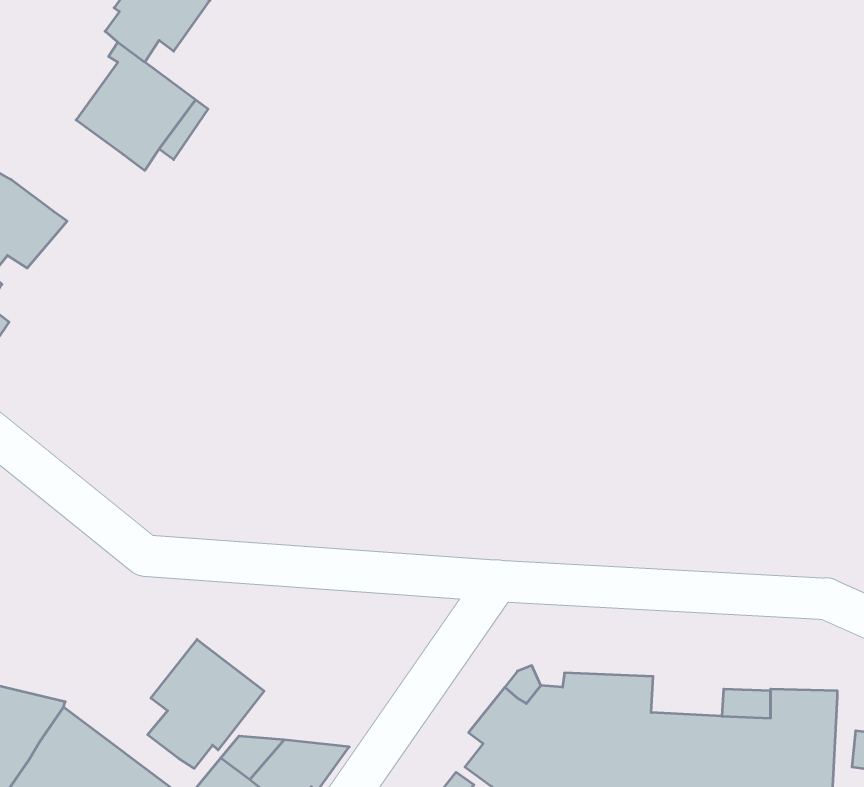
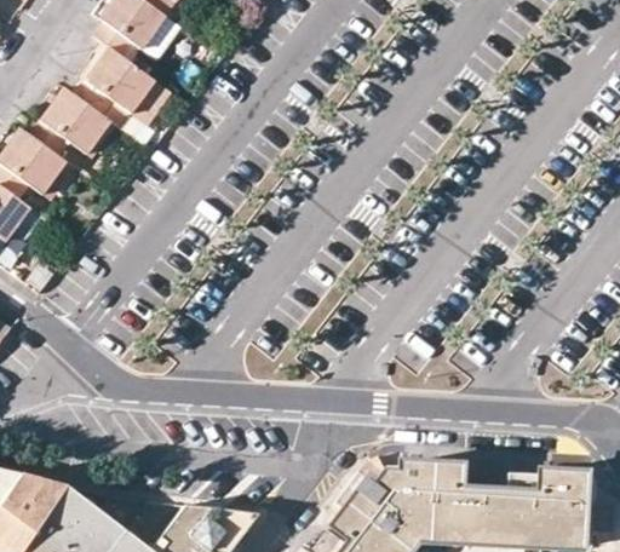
building: none -> [30,88,110,156]
building: [148,639,264,768] -> none

